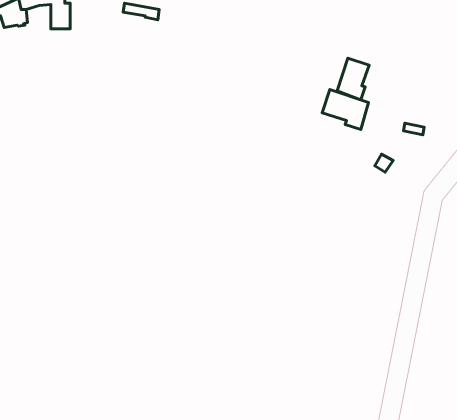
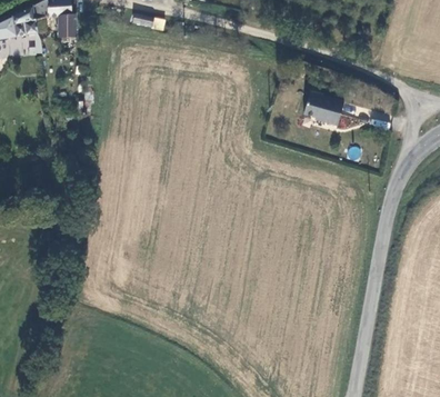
building: [337,58,369,100] -> none

